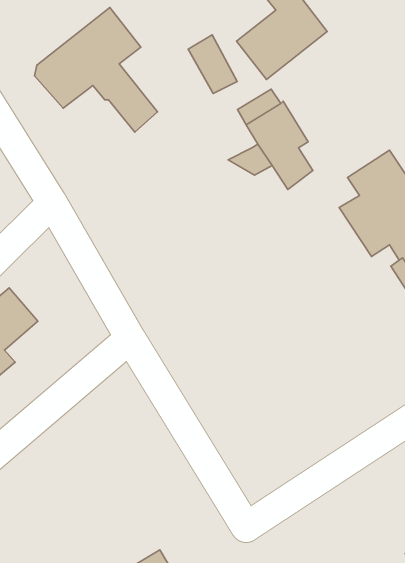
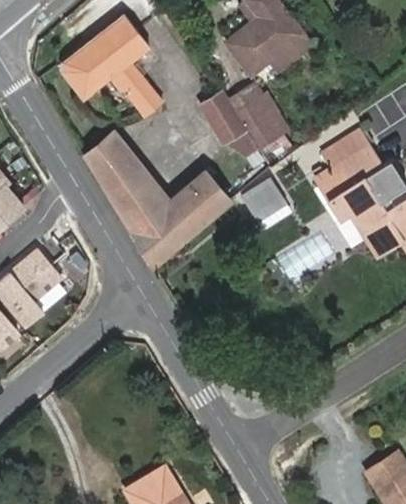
building: [188,35,237,93] -> [200,92,241,141]
building: none -> [85,134,229,267]
building: none -> [245,178,284,218]

